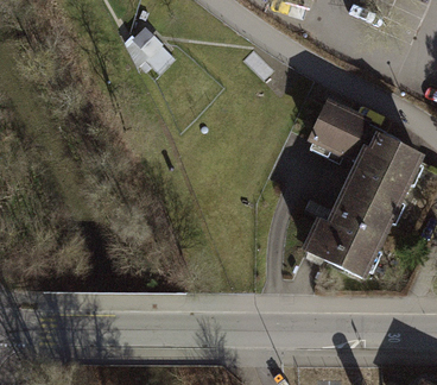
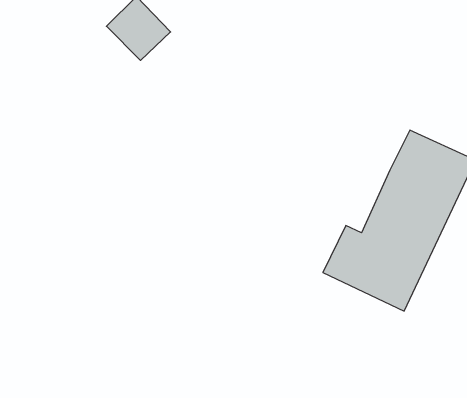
building: [299,95,378,166] -> none

